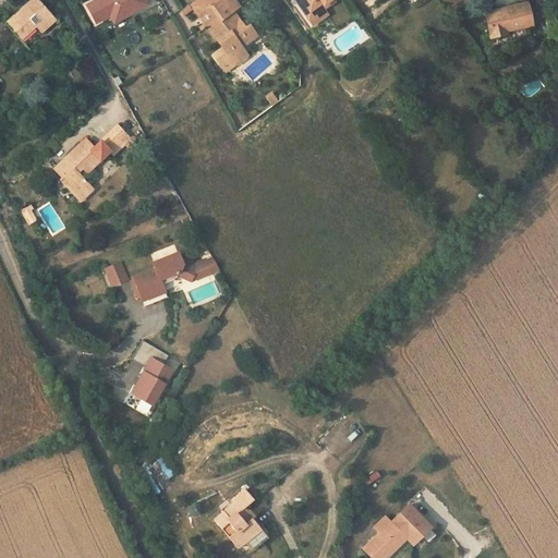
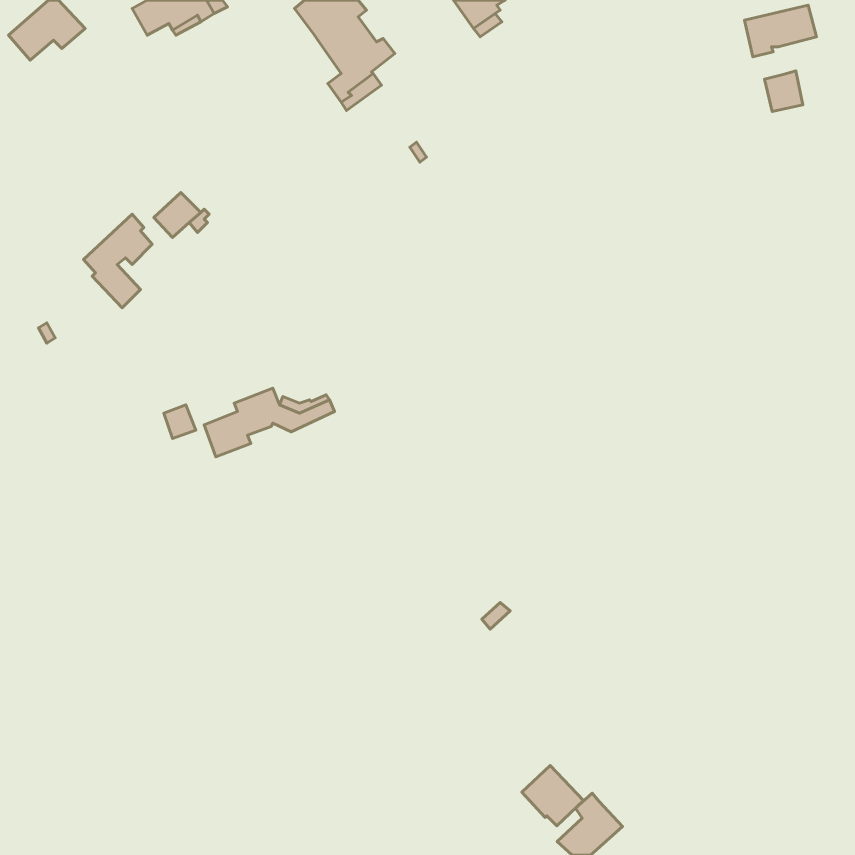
building: none -> [765,71,803,112]
building: [131,340,174,407] -> none
building: [214,488,267,548] -> none
building: [390,505,430,544] -> [522,766,584,826]

